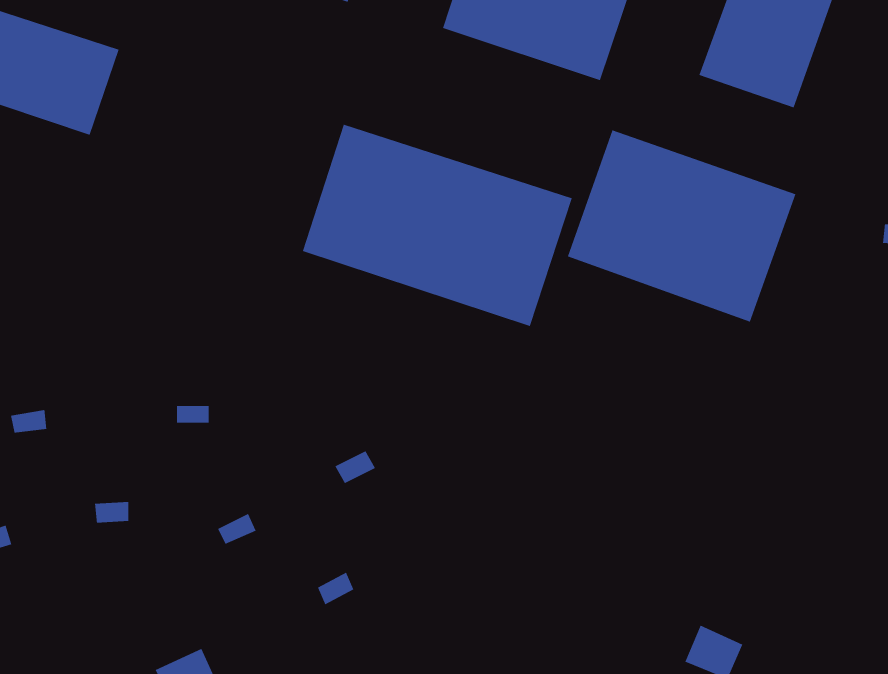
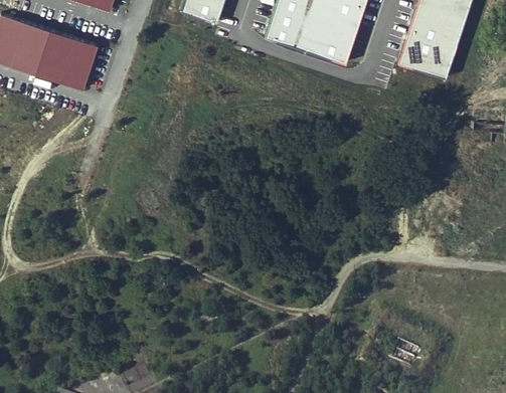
building: [302,124,572,327] -> none
building: [567,129,796,322] -> none

